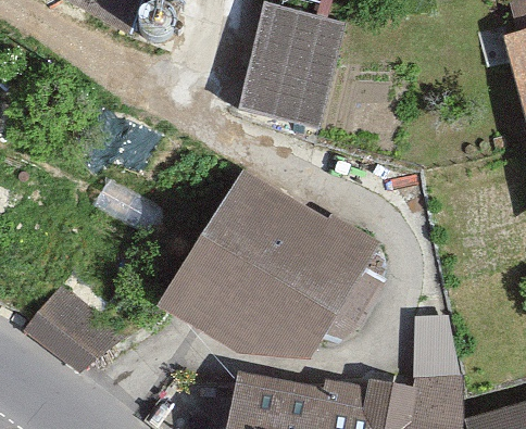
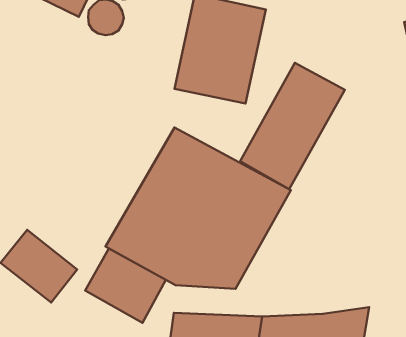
building: none -> [240,63,345,189]
building: none -> [85,248,166,323]

